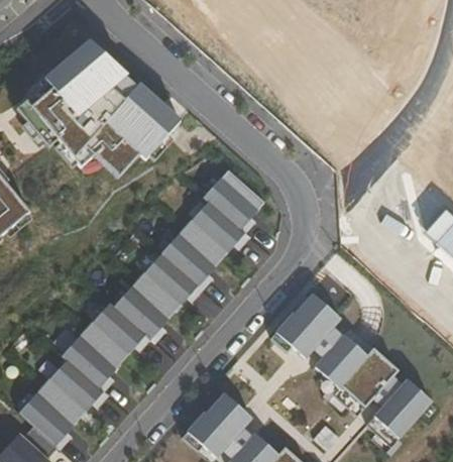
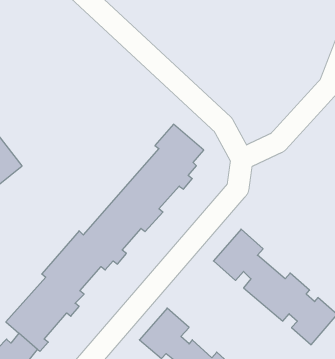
building: [20,36,184,185] -> none

